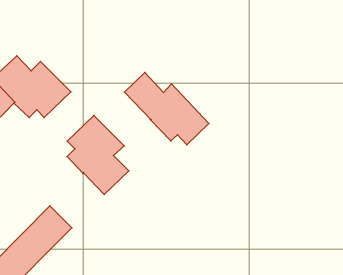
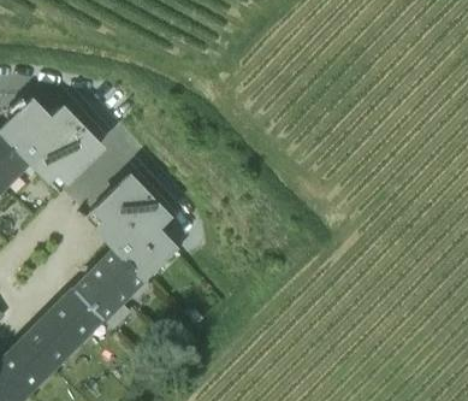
building: [124,73,209,145] -> none
building: none -> [73,247,147,329]

